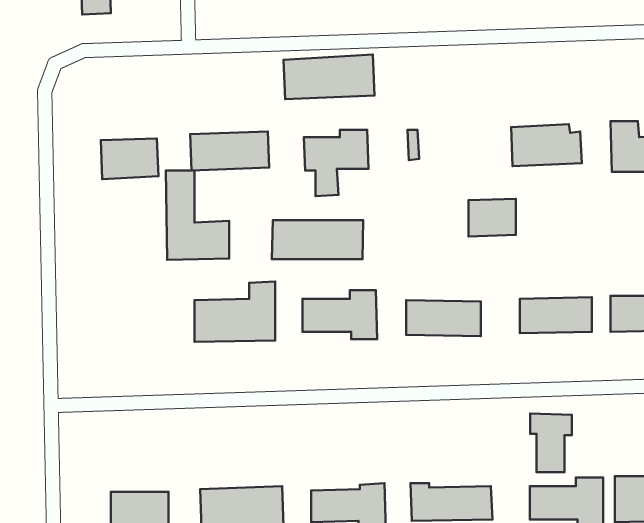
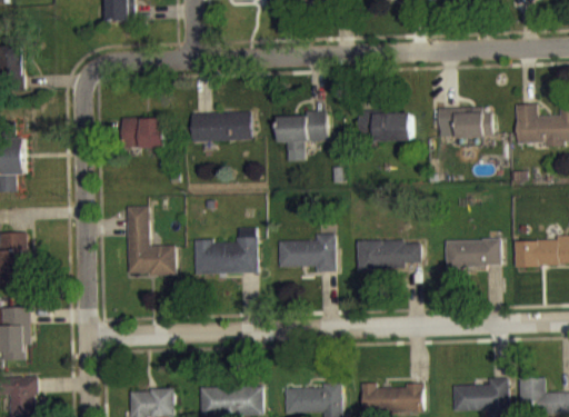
building: [283,54,374,99] -> none
building: [166,171,229,260] -> [127,206,176,275]
building: [468,199,516,236] -> [376,112,412,141]
building: [272,220,363,259] -> none
building: [530,414,572,472] -> none

